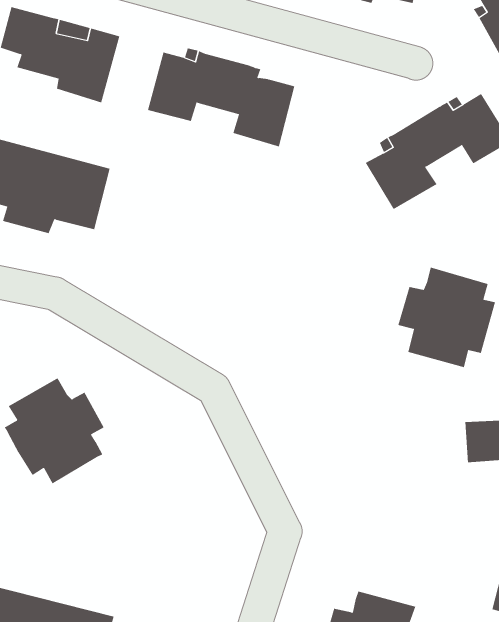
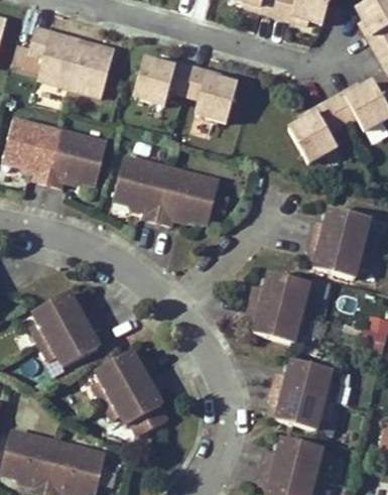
building: none -> [111,154,216,225]
building: none -> [248,272,317,343]
building: none -> [95,348,167,432]
building: none -> [266,359,340,434]

